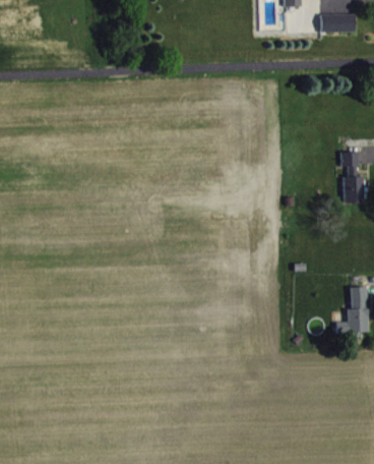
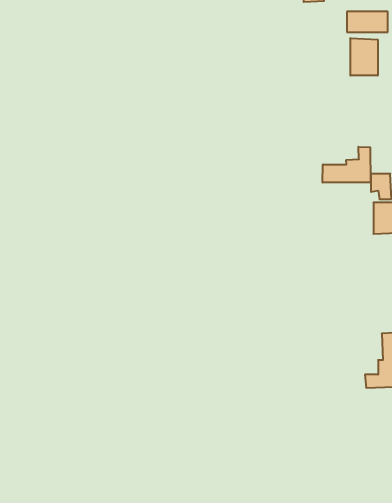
building: none -> [350,38,378,76]
building: none -> [323,147,371,183]

